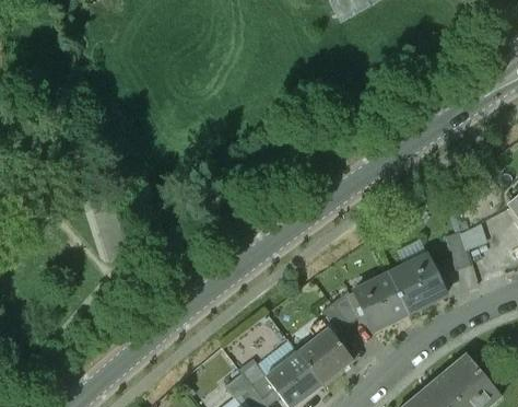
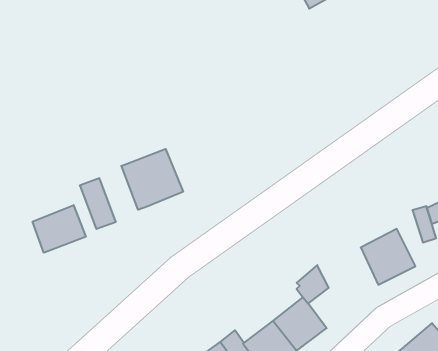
building: none -> [121,149,183,210]
building: none -> [33,205,86,253]
building: [356,275,409,330] -> none

